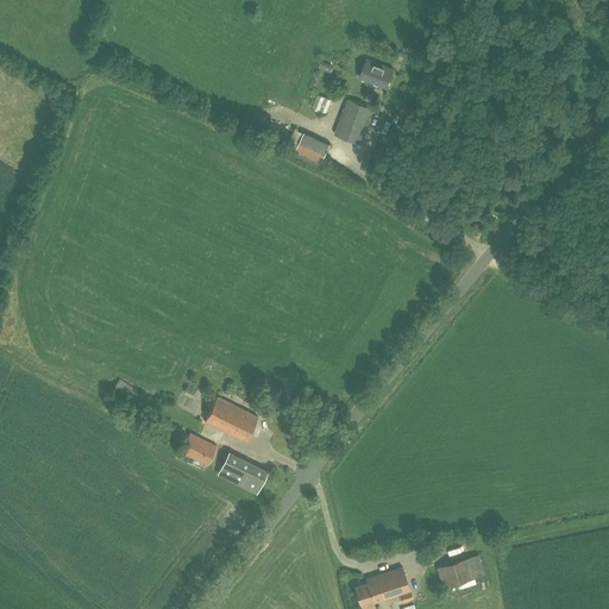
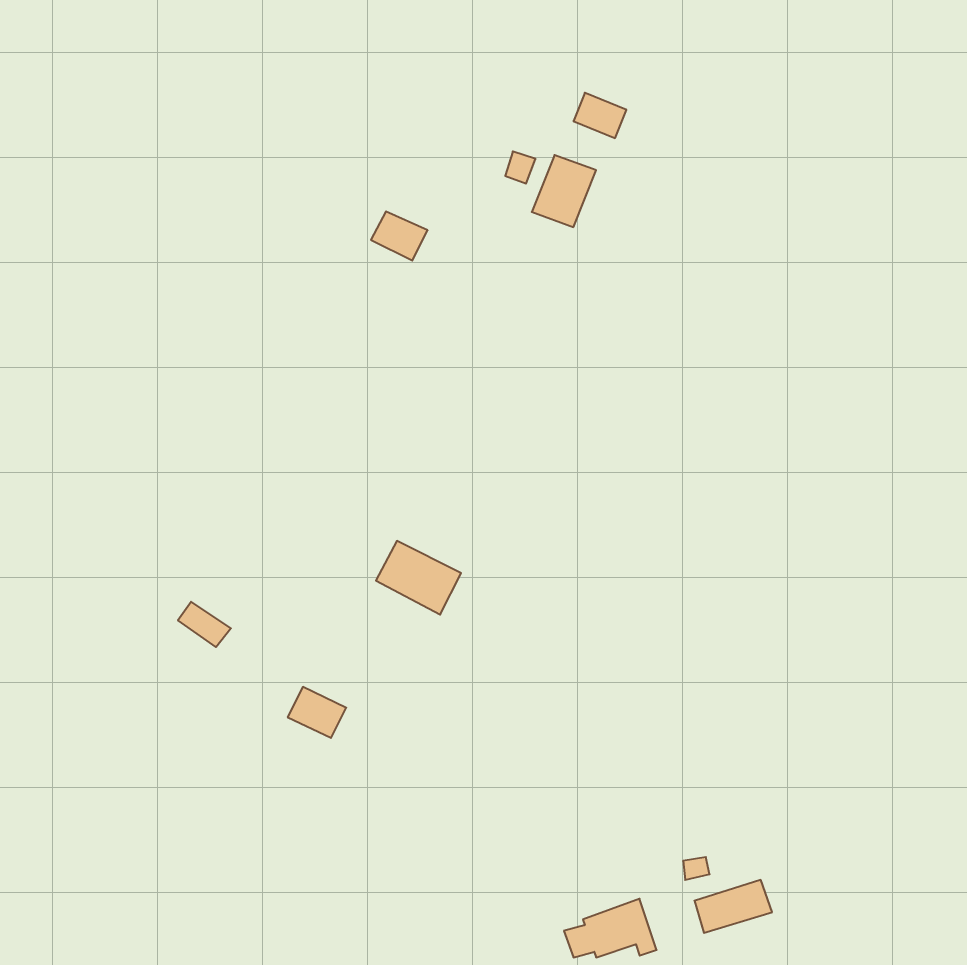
building: [295,133,331,164] -> [371,211,428,261]
building: [205,396,258,442] -> [376,541,461,615]
building: [218,452,268,494] -> none

